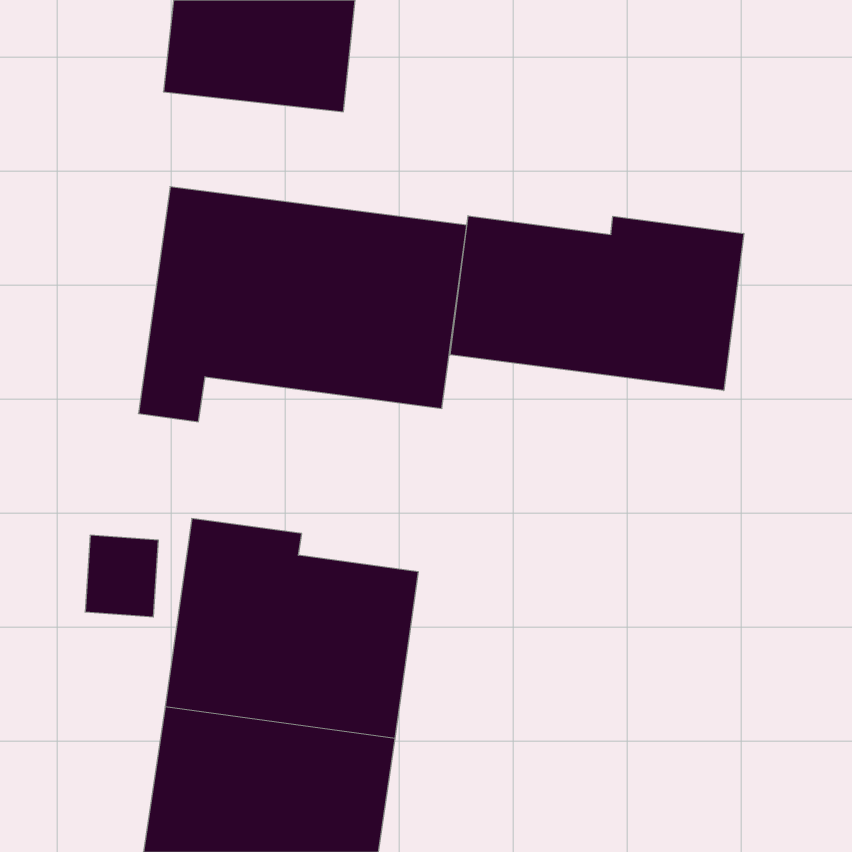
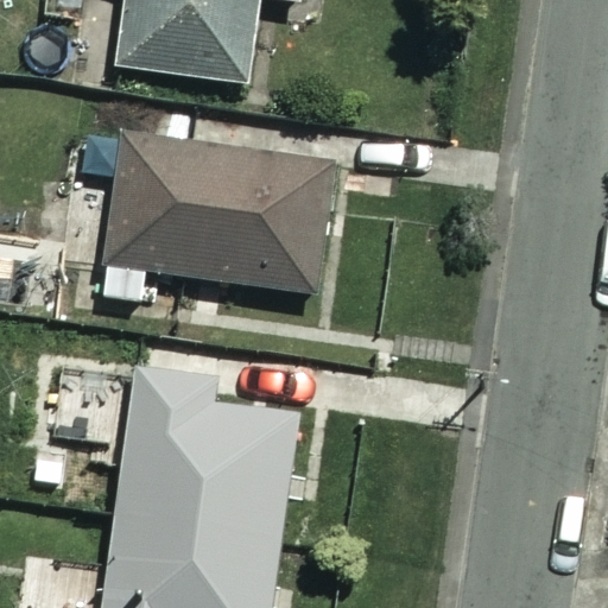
building: [450,216,744,391] -> none

